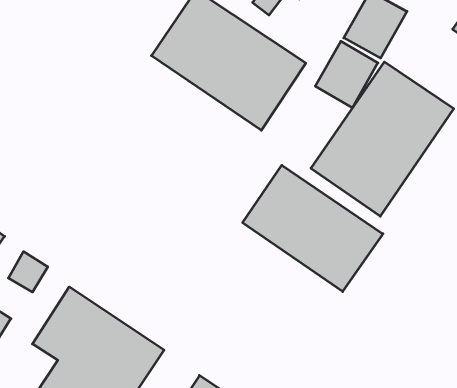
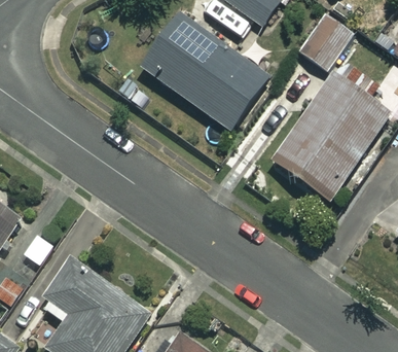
building: [315,41,378,108] -> none
building: [243,165,383,292] -> none

